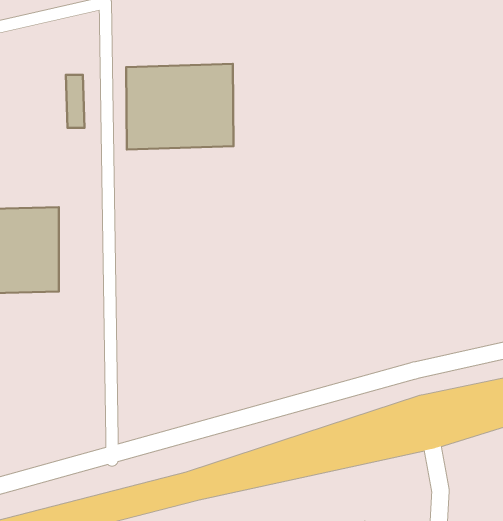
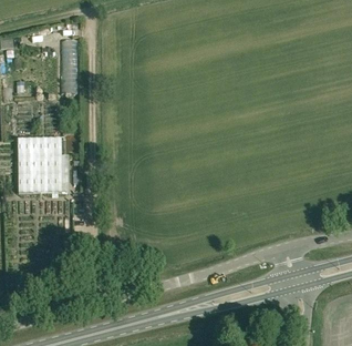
building: [126,64,233,150] -> none

